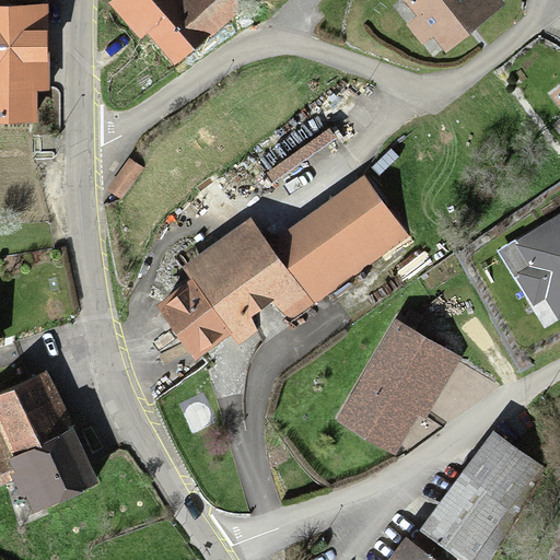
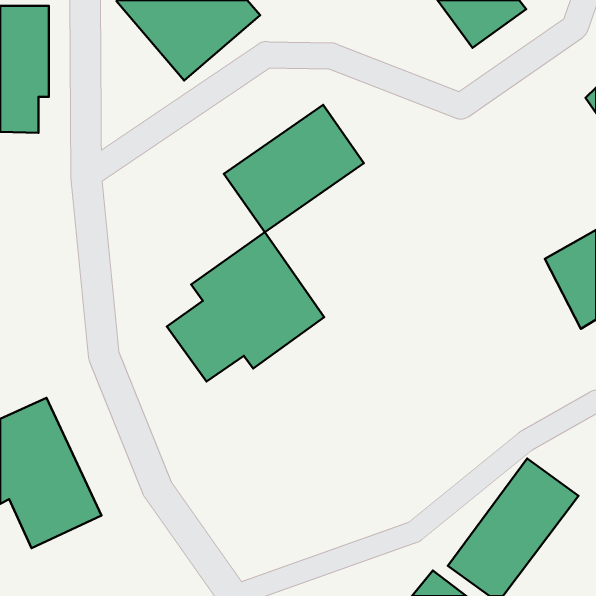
building: [266,178,397,298] -> [224,105,364,232]
building: [337,290,489,455] -> none

